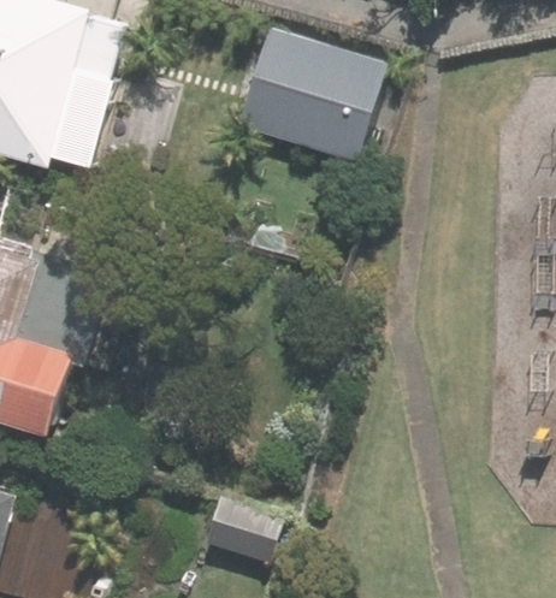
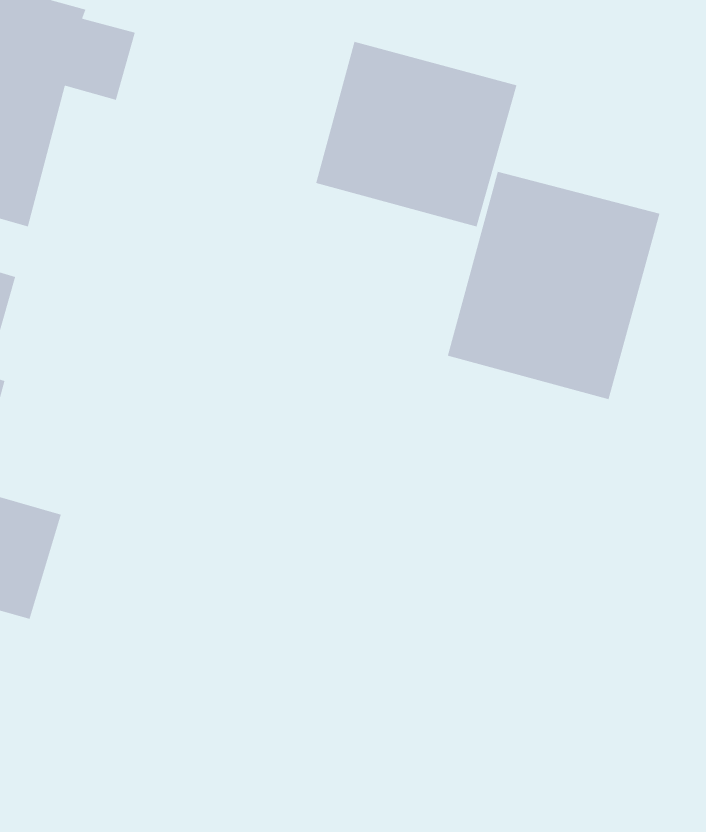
building: none -> [447,171,660,400]

